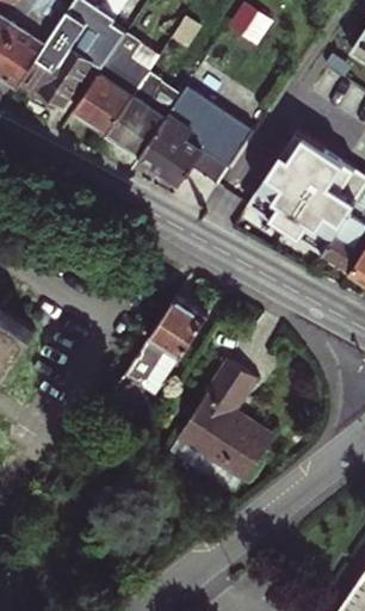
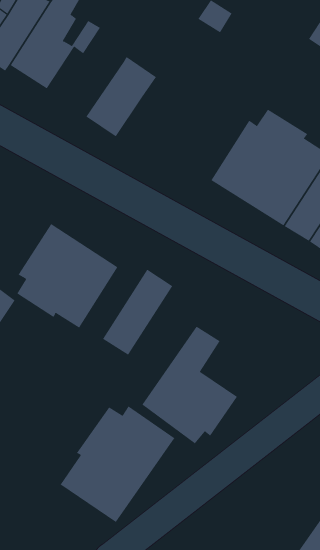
building: [73,36,150,137] -> none
building: [140,87,254,186] -> none
building: none -> [17,223,118,328]
building: none -> [60,405,175,523]

